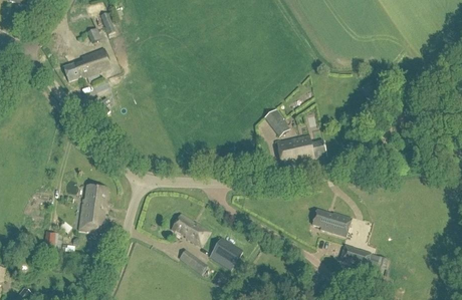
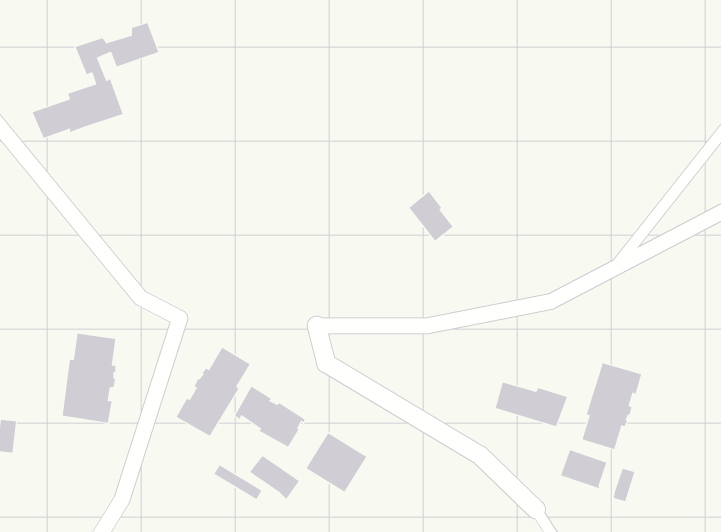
building: [276,134,326,168] -> none
building: none -> [176,347,250,437]
building: none -> [582,363,642,450]

